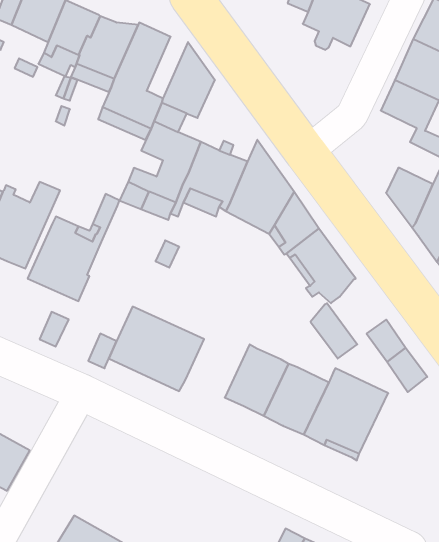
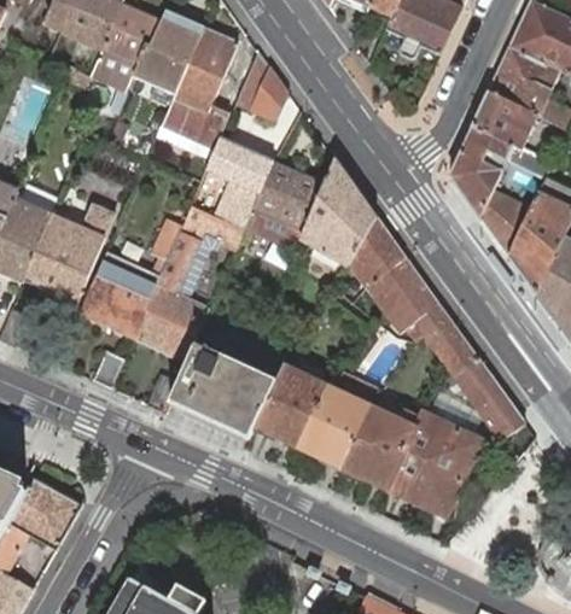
building: none -> [450,124,513,216]
building: none -> [136,230,209,358]
building: [311,303,357,359] -> [427,311,479,373]
building: none -> [256,364,327,444]

